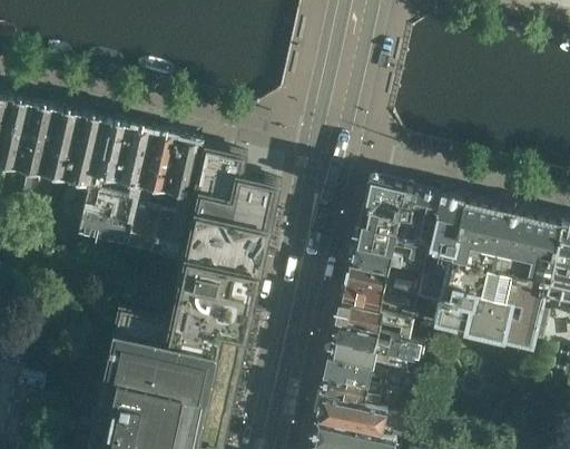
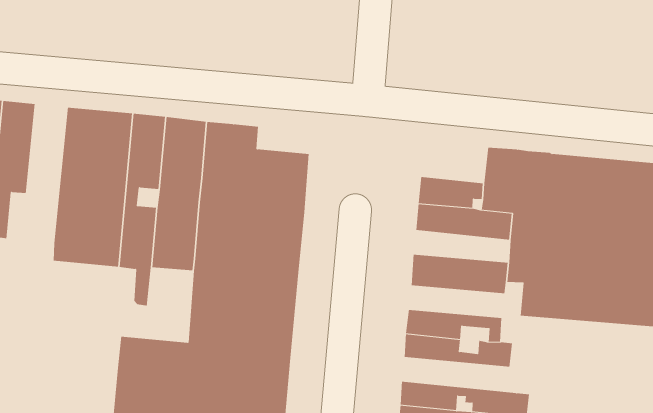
building: [63,117,102,224] -> none
building: [362,183,415,221] -> none
building: [348,250,423,283] -> none
building: [340,291,414,324] -> none
building: [327,344,416,382] -> none

